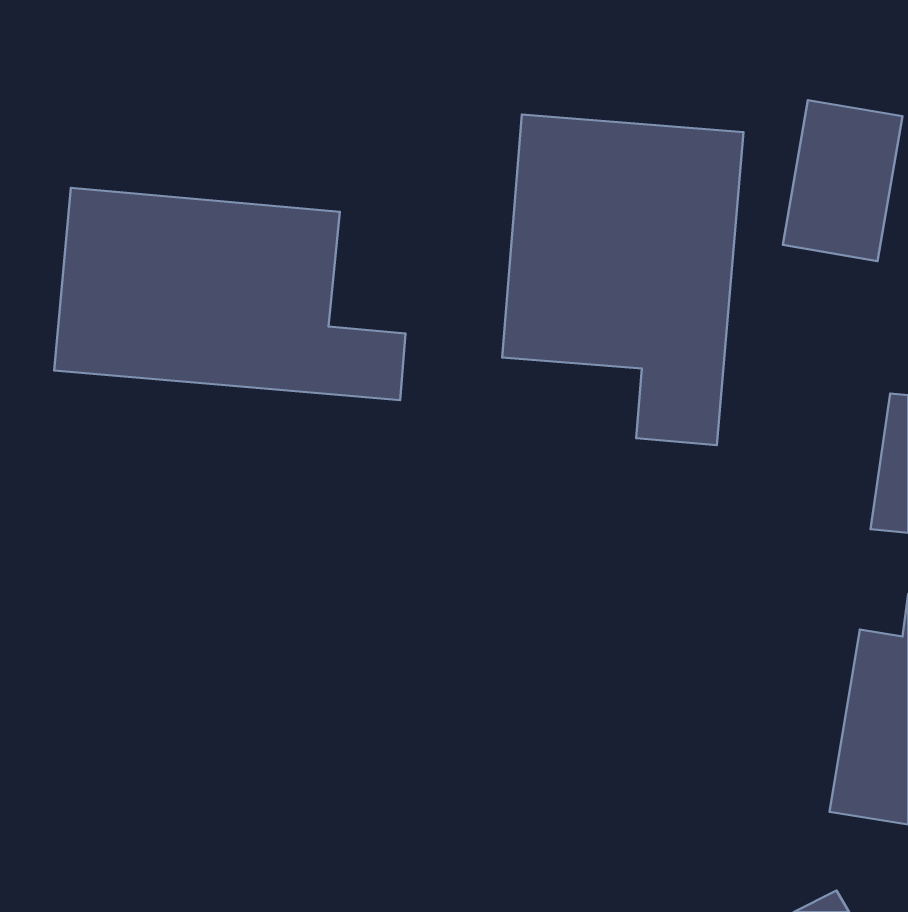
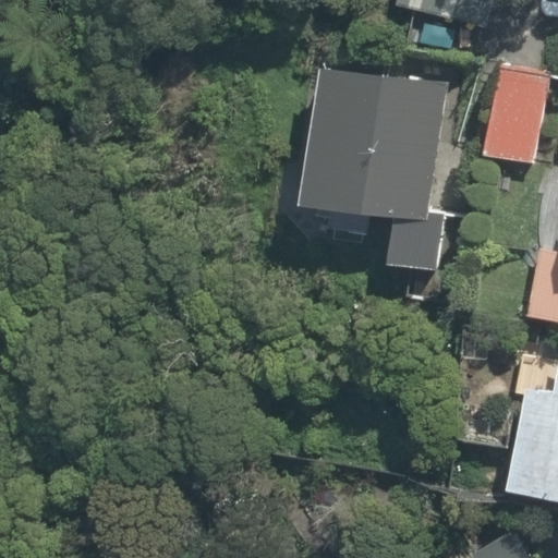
building: [54,188,406,400] -> none

